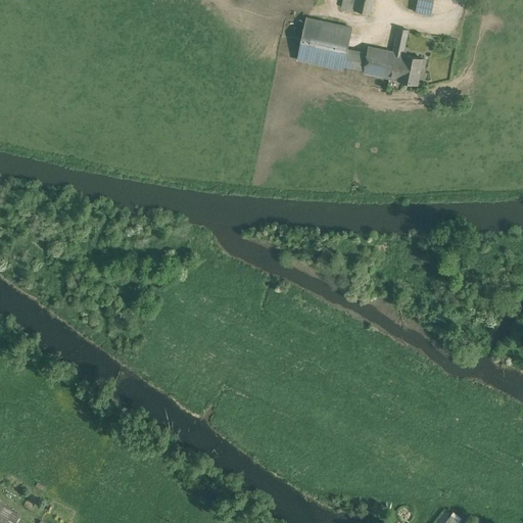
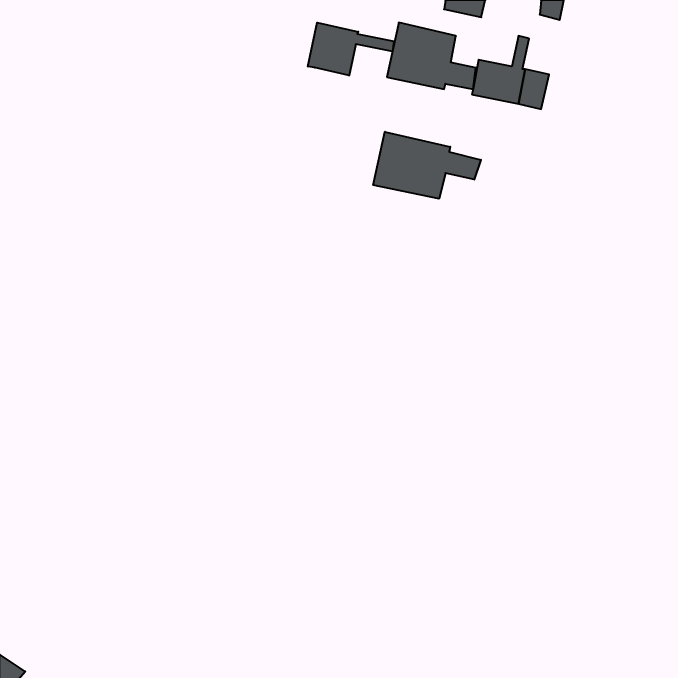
building: none -> [308,23,394,76]
building: none -> [373,132,481,199]

